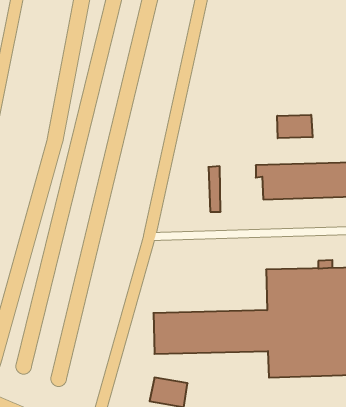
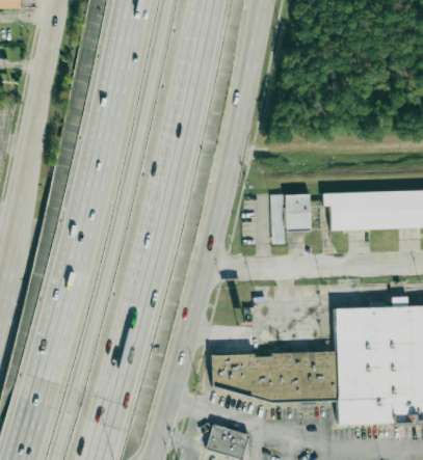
building: [277,115,313,138] -> none
building: none -> [286,194,312,232]

